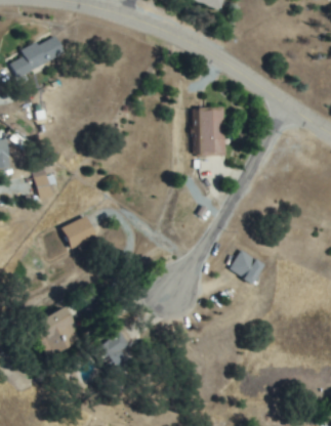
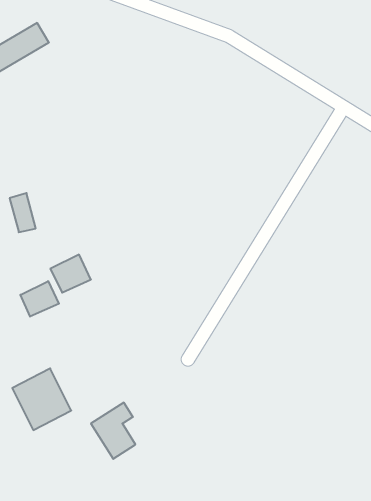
building: [197,109,223,156] -> none
building: none -> [20,281,59,317]
building: [232,253,262,282] -> none

